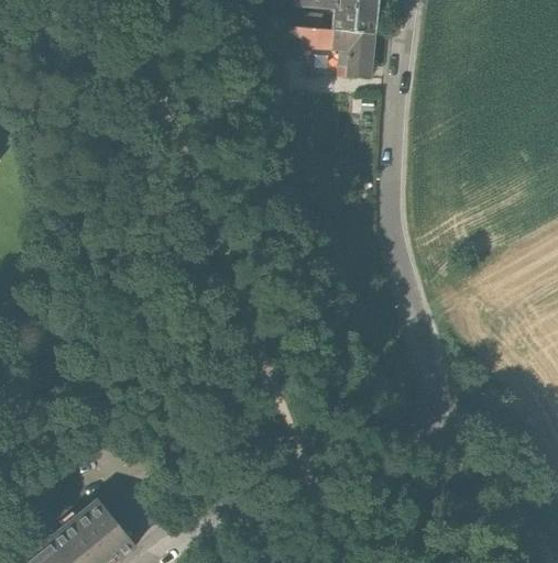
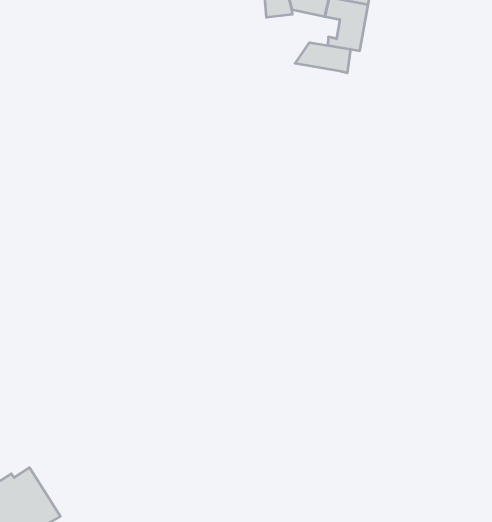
building: none -> [295,43,351,73]

